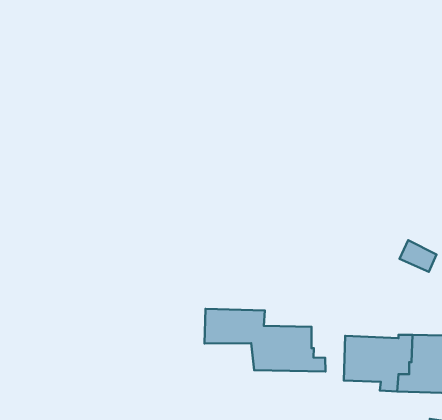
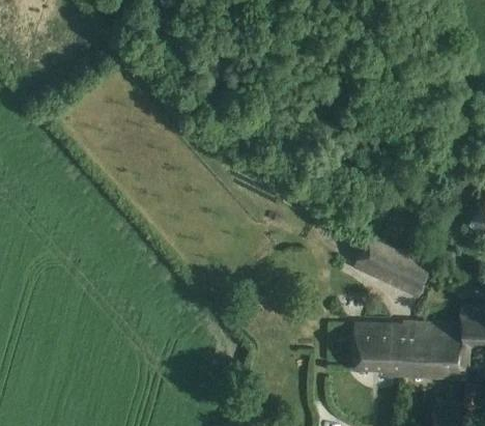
building: none -> [351,234,431,296]
building: [205,309,325,372] -> none

